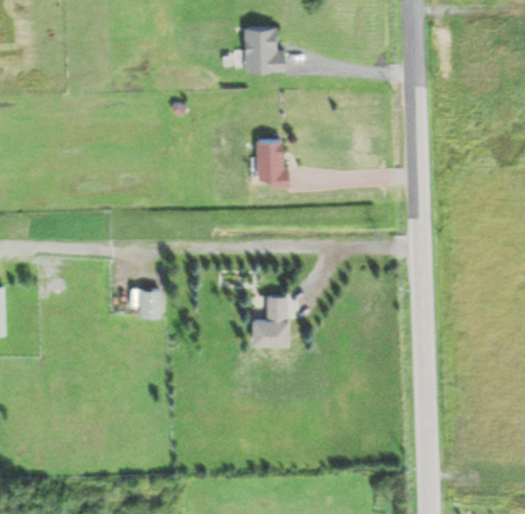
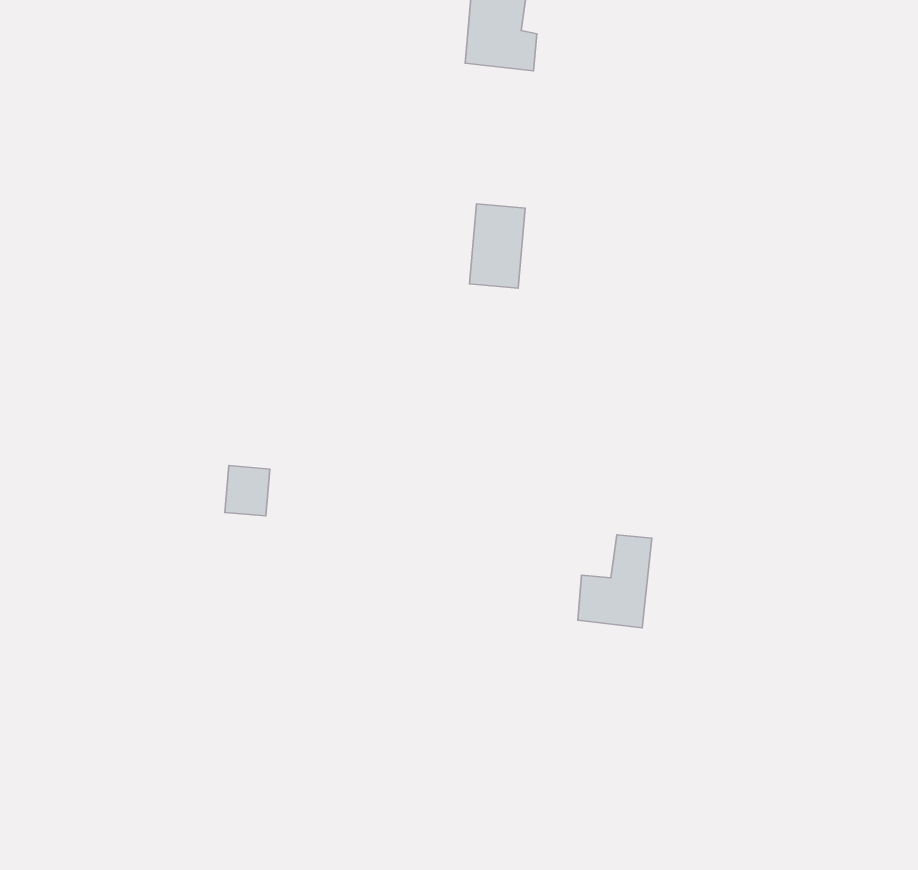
building: [251,298,286,345] -> [578,535,652,628]

